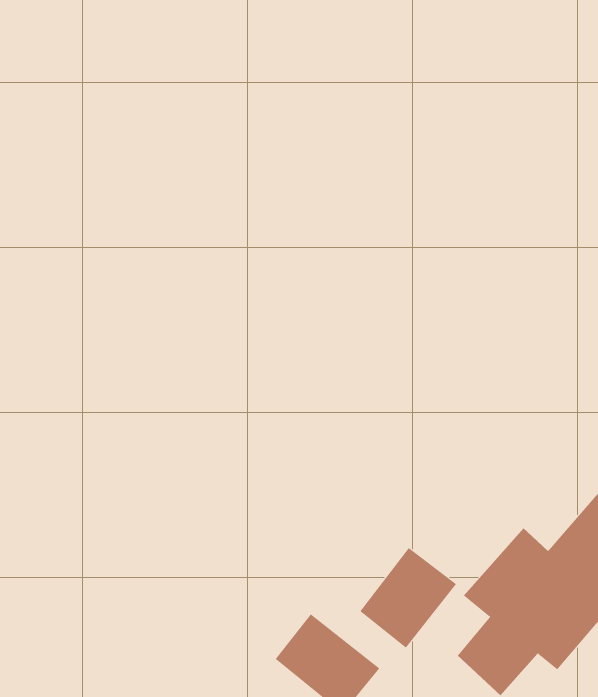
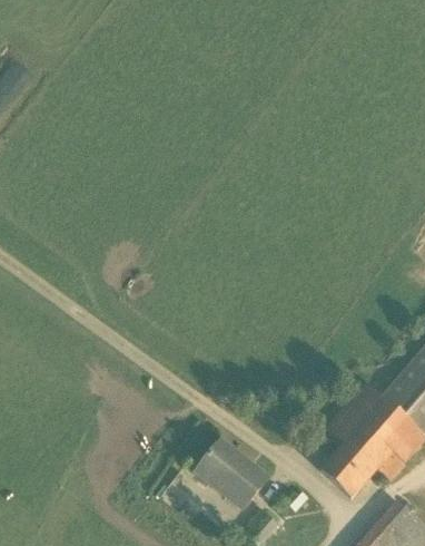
building: [359,547,457,648] -> none

